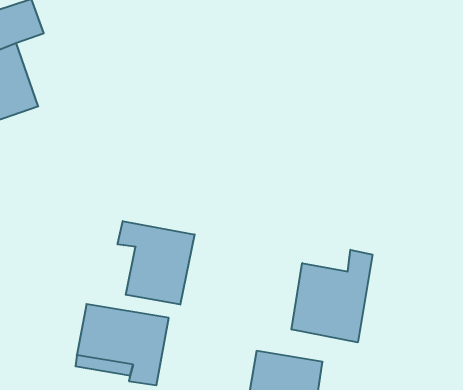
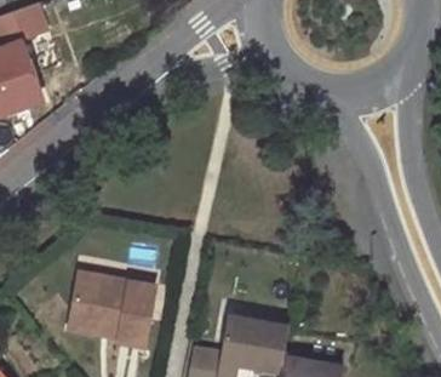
building: [118,221,195,305] -> none
building: [292,250,372,342] -> none

